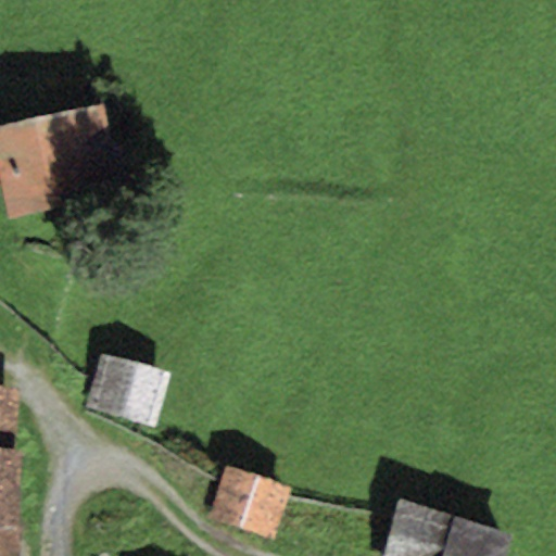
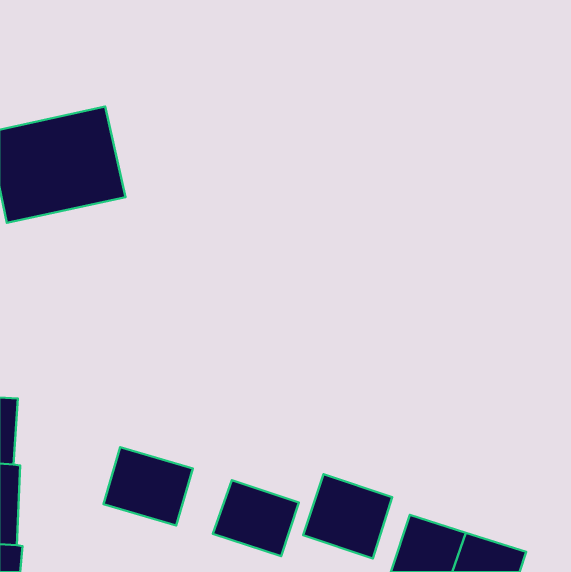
building: [83,352,169,428] -> [103,447,193,525]
building: none -> [303,474,392,559]

